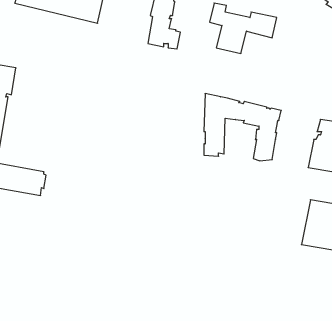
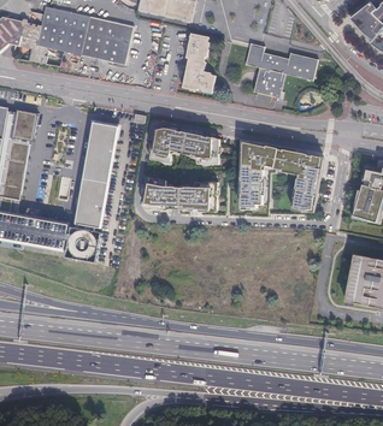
building: none -> [65,120,118,262]
building: none -> [149,126,218,162]
building: none -> [142,174,217,208]

